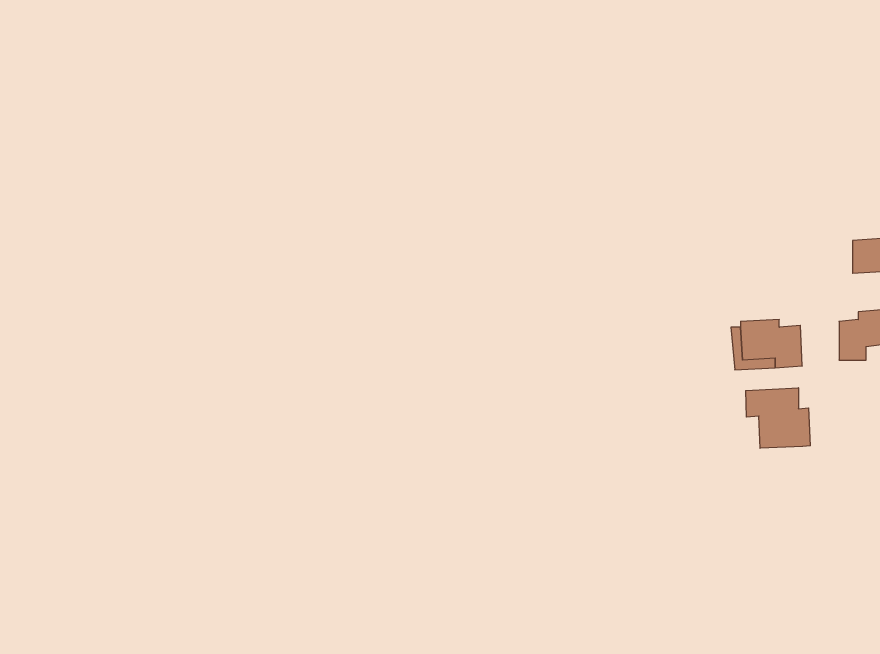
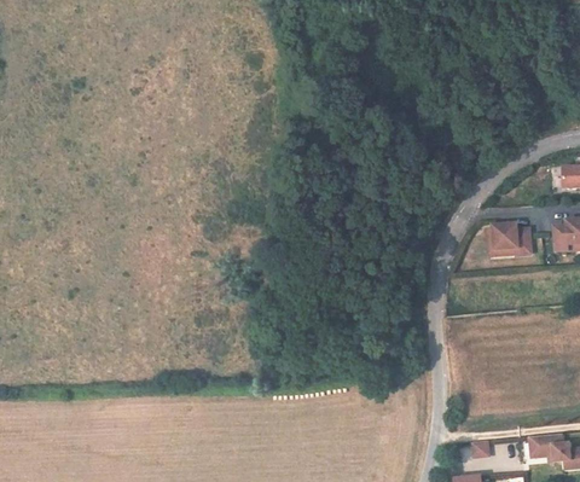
building: [746,388,810,448] -> none

